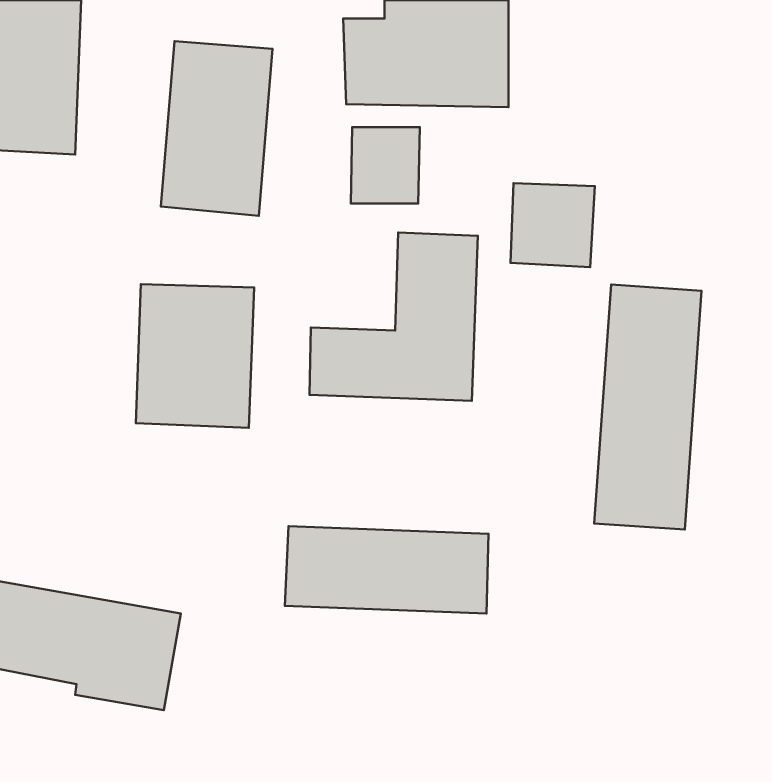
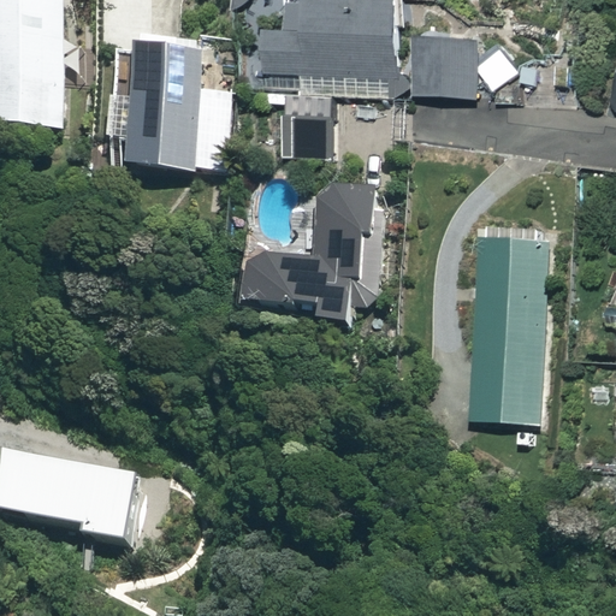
building: [510,183,595,267] -> [414,28,480,94]
building: [136,284,254,428] -> none
building: [285,526,488,613] -> none

